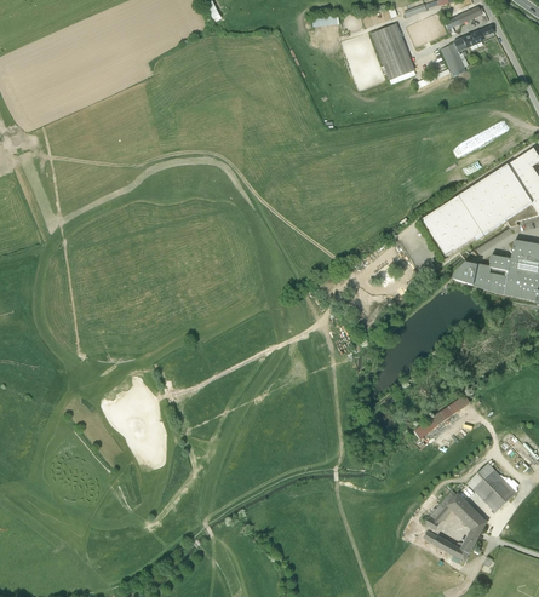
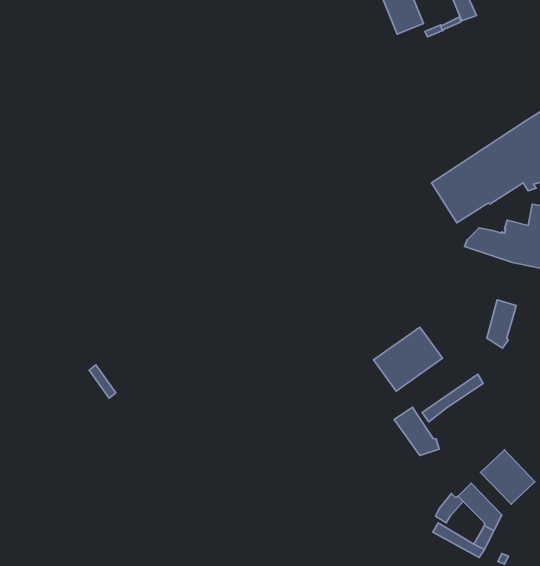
building: none -> [487,300,516,348]
building: none -> [374,327,442,391]
building: none -> [394,407,439,456]

